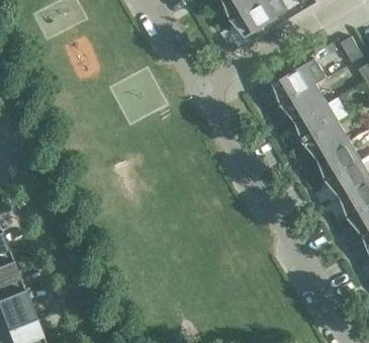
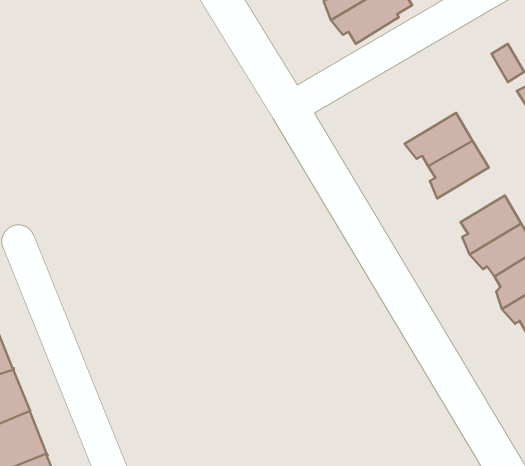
building: [273,65,315,105] -> none
building: [302,121,349,159] -> none

